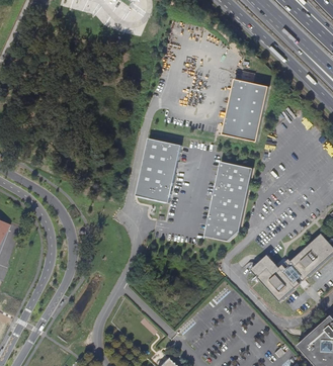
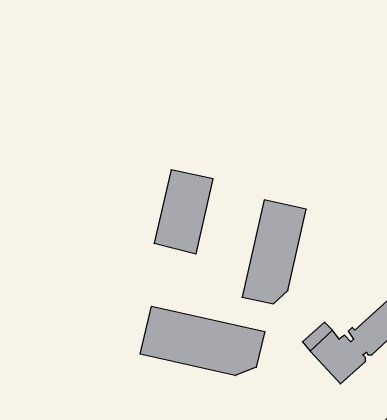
building: [223,78,269,141] -> none
building: none -> [140,306,265,376]

